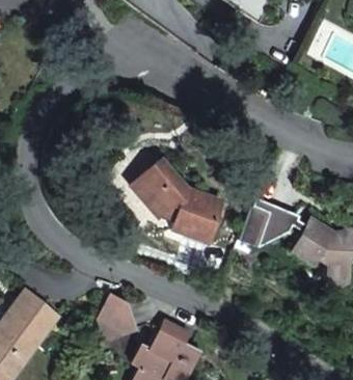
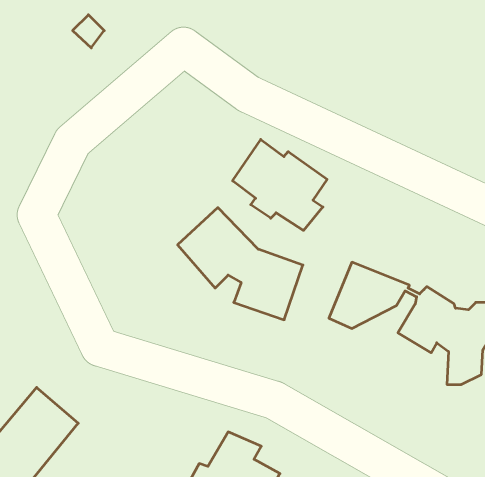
building: none -> [233,139,327,230]
building: [90,293,135,337] -> none

